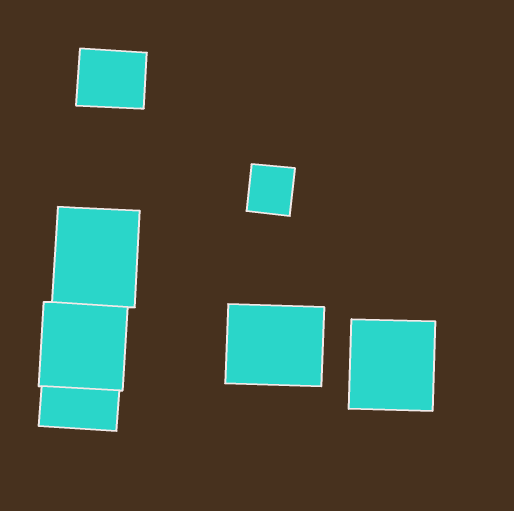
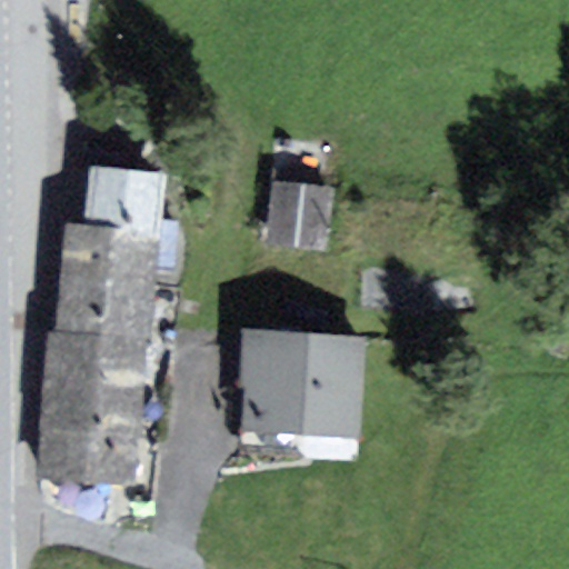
building: [76,49,147,108] -> [82,166,160,231]
building: [349,319,435,411] -> none

